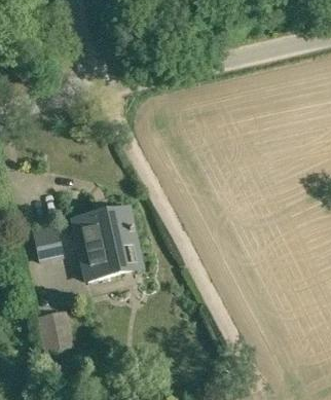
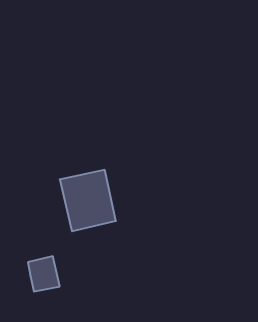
building: [32,224,64,262] -> none

